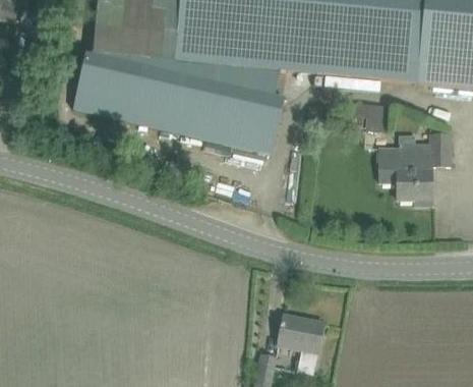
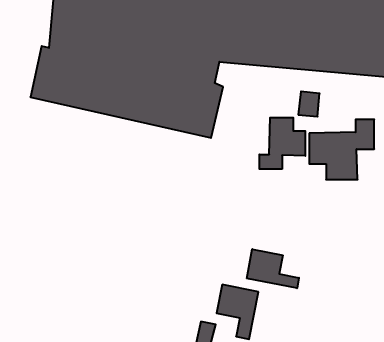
building: none -> [259,118,305,169]
building: none -> [247,249,299,288]

